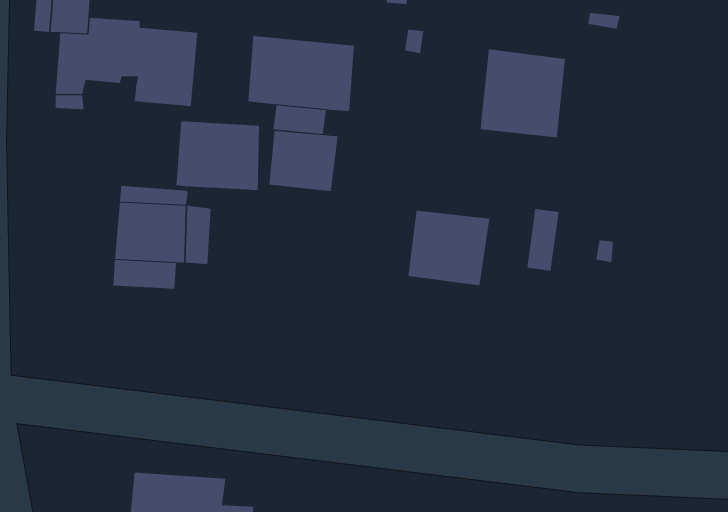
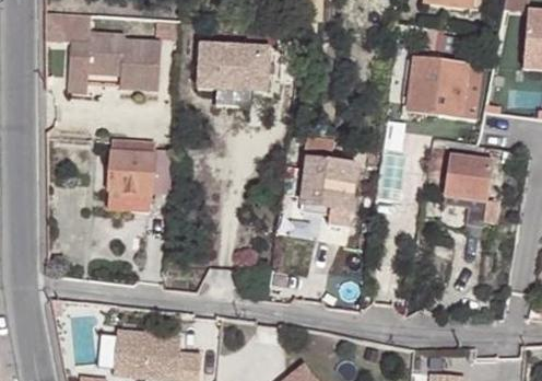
building: [480,49,566,138] -> [409,60,466,119]
building: [176,120,259,191] -> none
building: [269,130,338,192] -> none
building: none -> [443,154,496,226]

